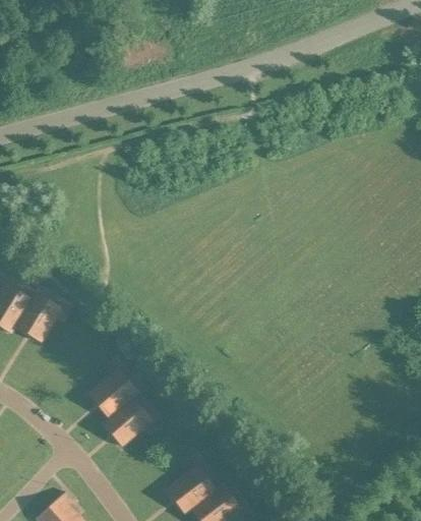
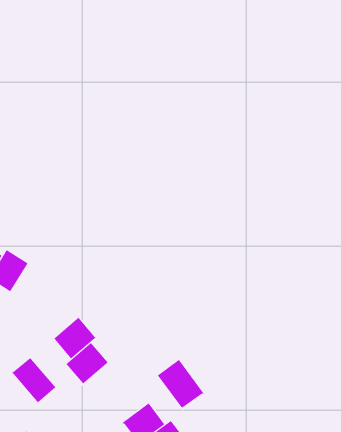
building: none -> [11,356,63,404]
building: none -> [151,359,205,410]

